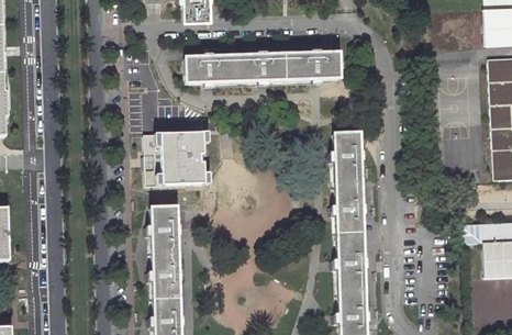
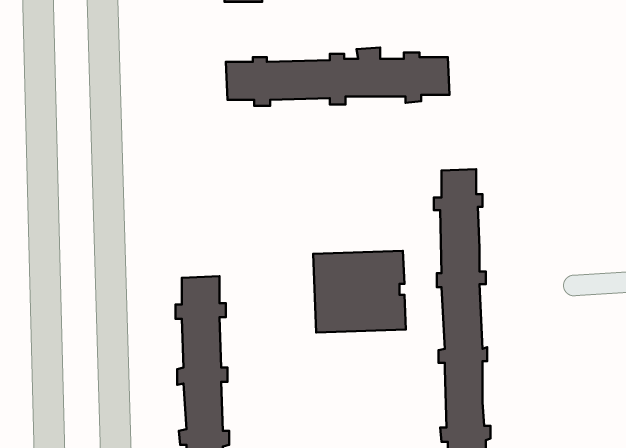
building: [147,129,212,186] -> [313,251,406,333]

